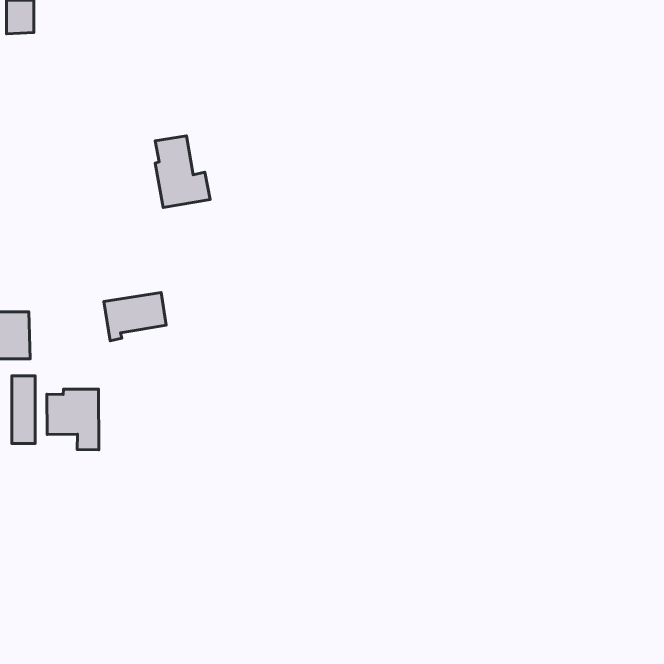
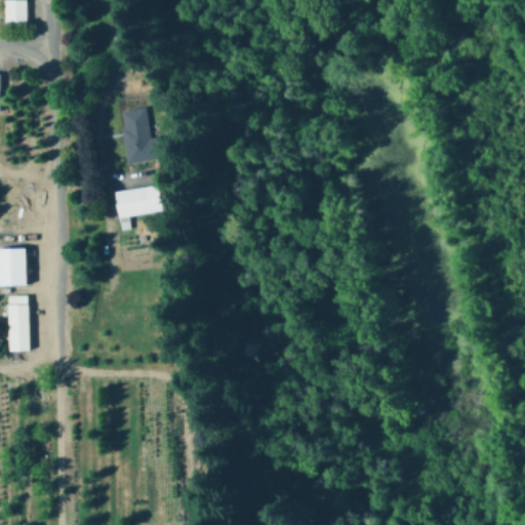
building: [104,292,166,341] -> [115,186,164,224]
building: [47,389,99,450] -> none

